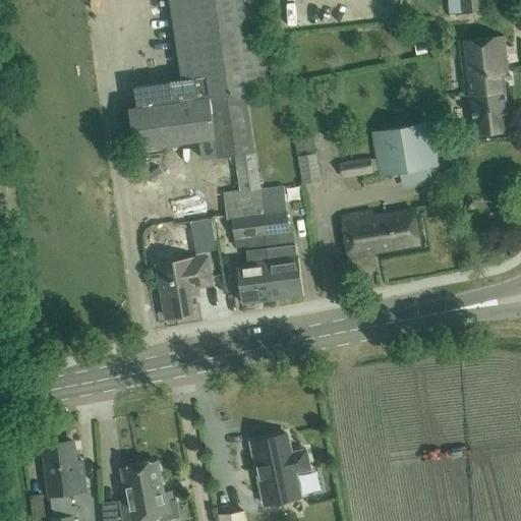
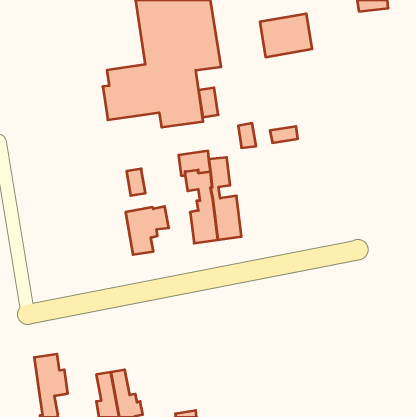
building: [458,36,508,133] -> none
building: [371,122,437,176] -> [260,14,312,57]
building: [235,154,259,190] -> [199,88,218,117]
building: [341,211,418,262] -> none
building: [191,219,215,252] -> [127,169,145,196]
building: [249,435,309,505] -> none

